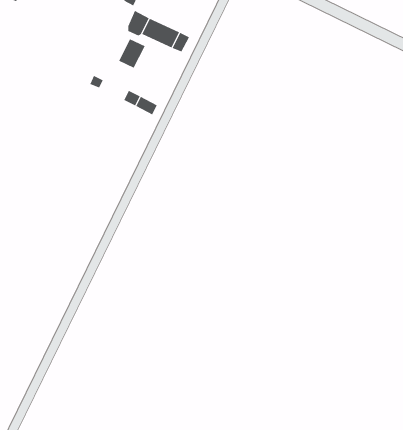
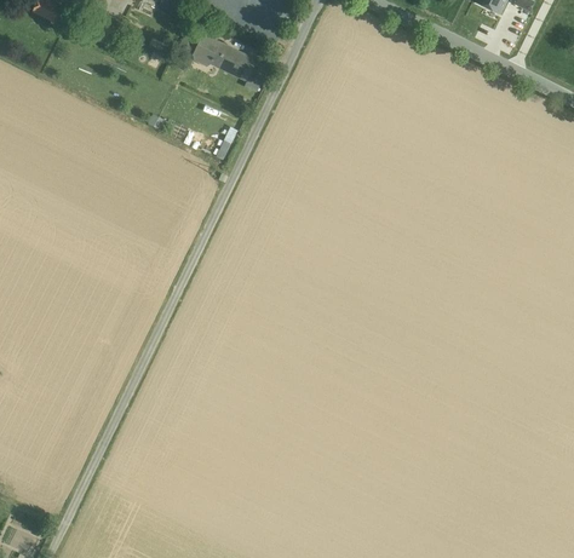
building: [119,38,145,69] -> none

